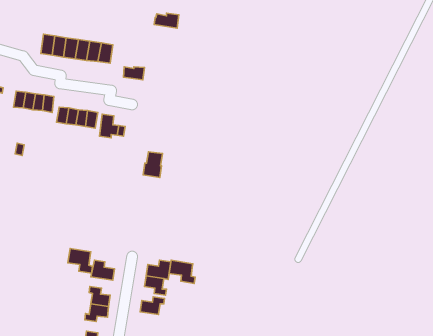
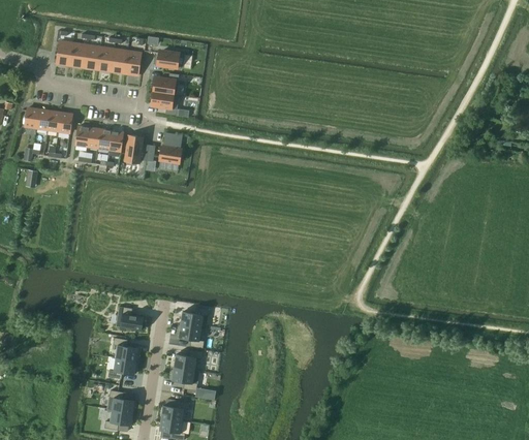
building: [154,13,179,28] -> [155,52,184,69]
building: none -> [151,92,178,116]
building: [143,152,162,177] -> [158,133,181,163]
building: [68,248,93,273] -> none
building: [169,260,195,283] -> none
building: none -> [172,368,198,390]

